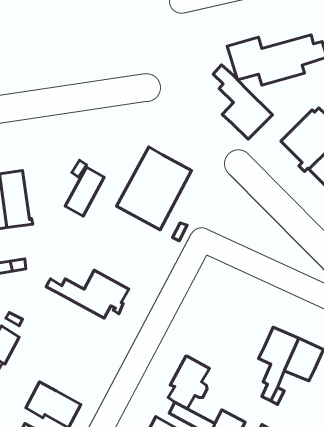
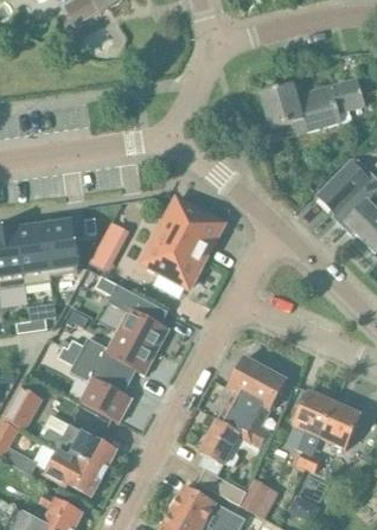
building: [213,65,273,139] -> none
building: none -> [43,218,79,275]
building: none -> [95,275,170,349]
building: none -> [71,352,133,417]
building: none -> [217,356,286,446]
building: none -> [43,422,117,471]

